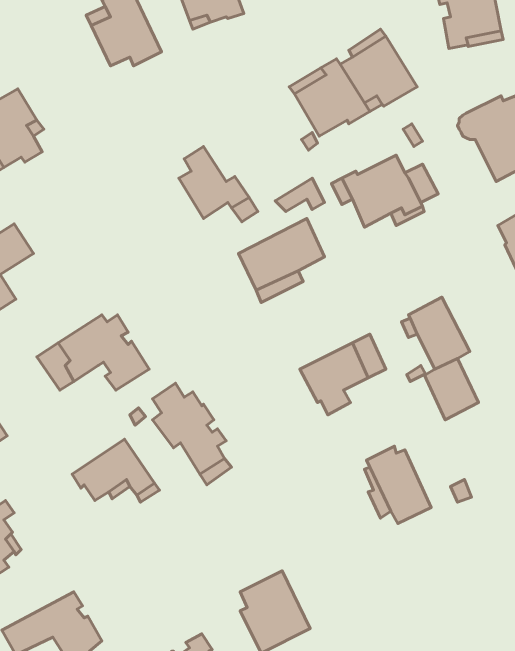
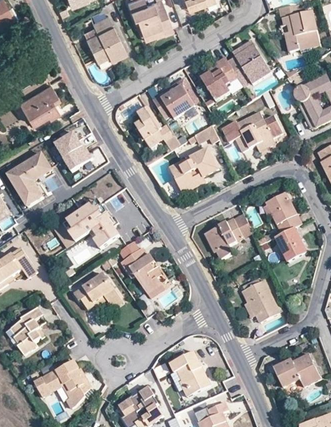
building: none -> [152,85,195,119]
building: none -> [53,129,92,169]
building: none -> [274,354,320,387]

